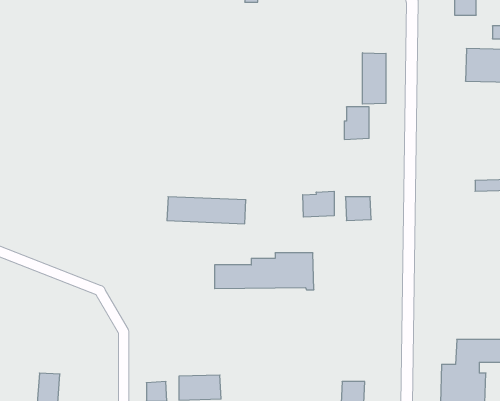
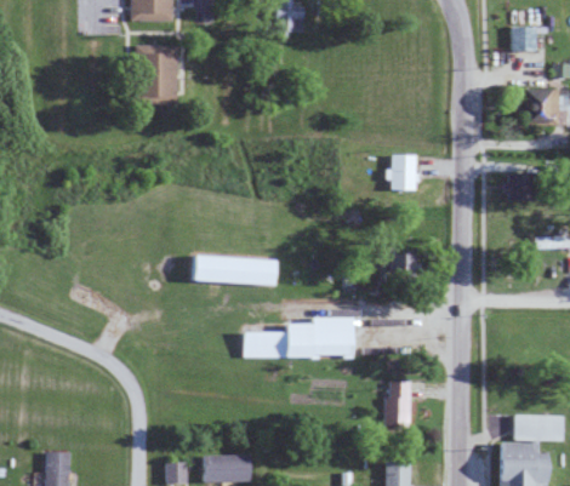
building: none -> [137,44,179,105]
building: [363,53,386,104] -> none
building: [303,191,334,217] -> none
building: none -> [387,382,411,428]

